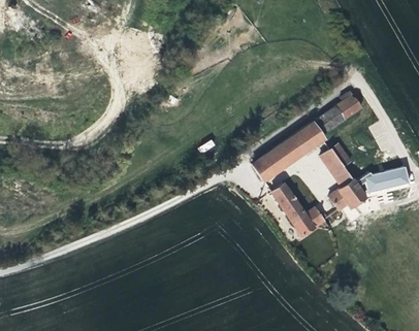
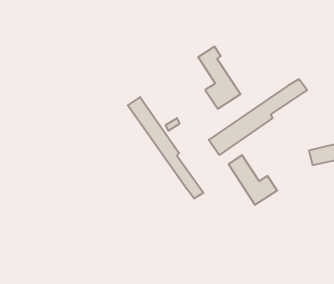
building: none -> [128,97,203,199]
building: [320,145,368,217] -> [198,46,241,109]

